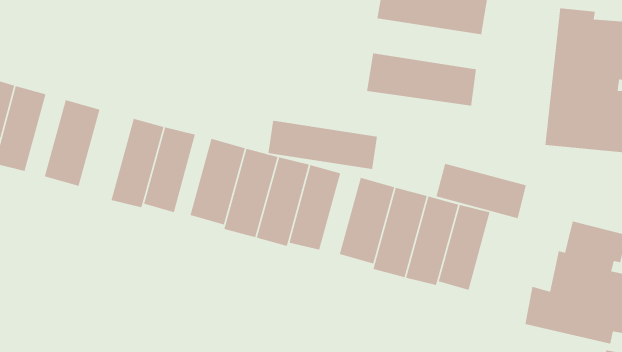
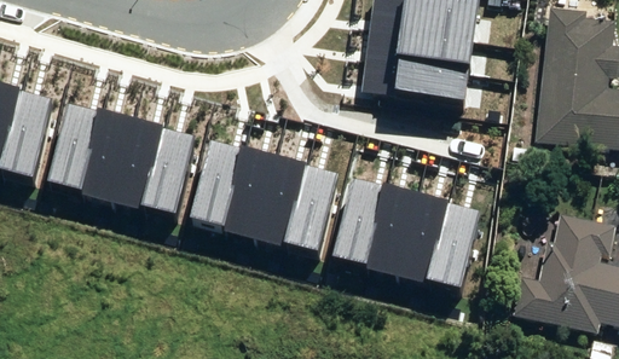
building: none -> [82,110,135,198]
building: [268,120,378,170] -> [365,23,472,71]
building: [436,163,527,219] -> none

